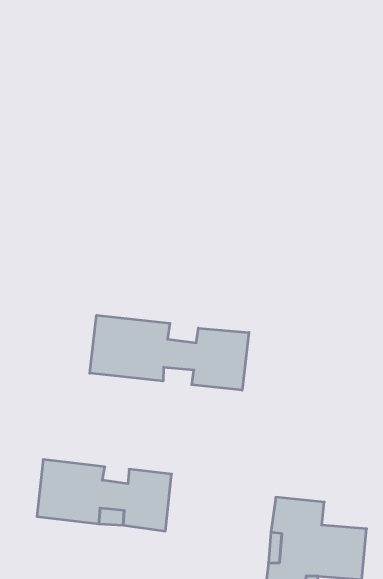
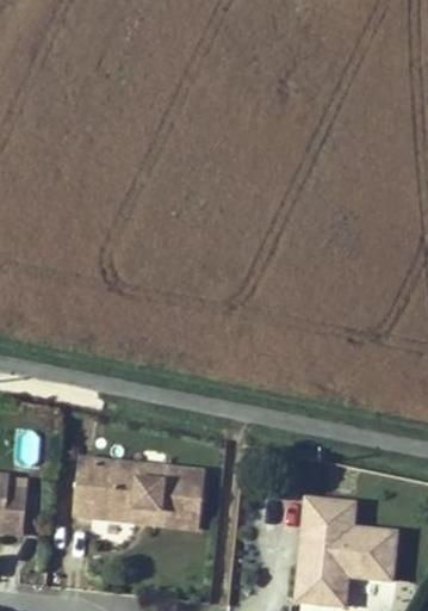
building: [90,315,249,390] -> none

